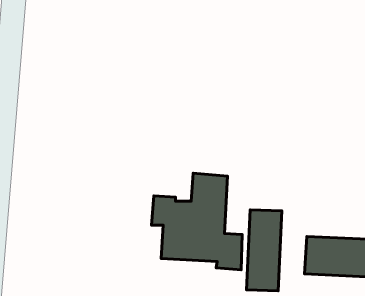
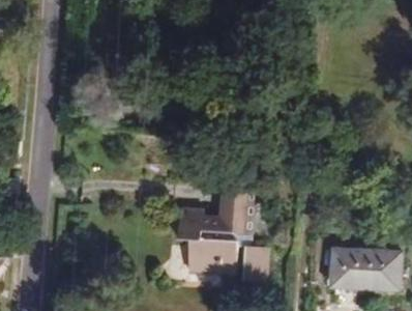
building: [247,210,282,291] -> none

